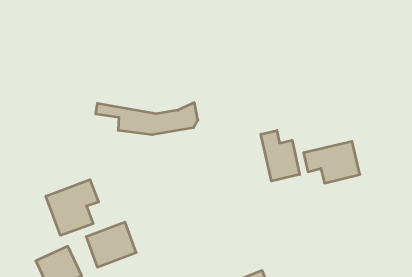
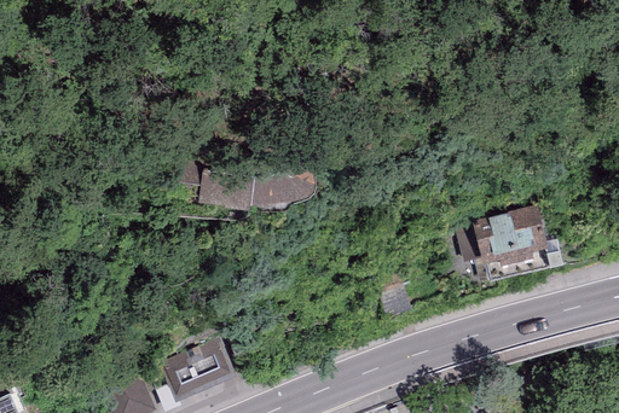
building: [261,130,300,181] -> none
building: [46,180,99,235] -> none

